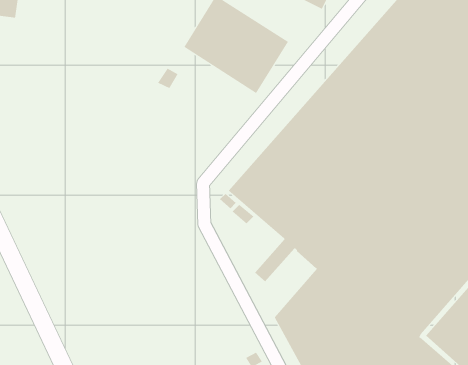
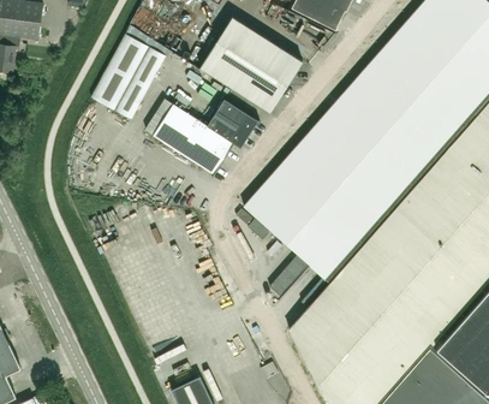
building: none -> [91,34,166,119]
building: none -> [154,101,255,174]

